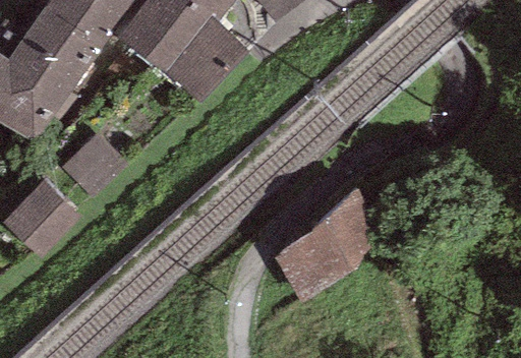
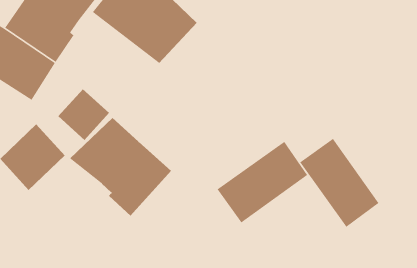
building: none -> [69,117,172,216]
building: none -> [299,138,380,228]

